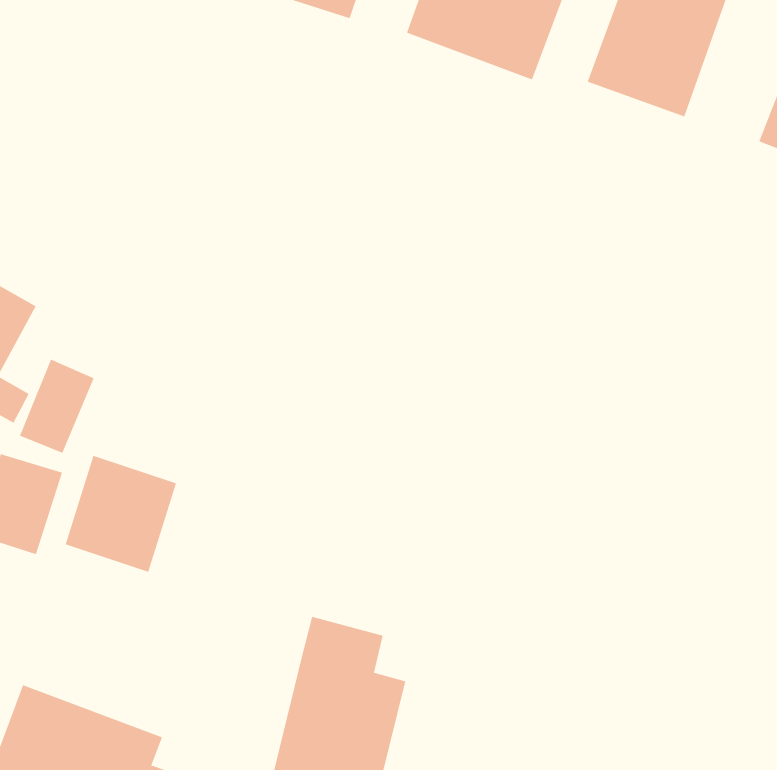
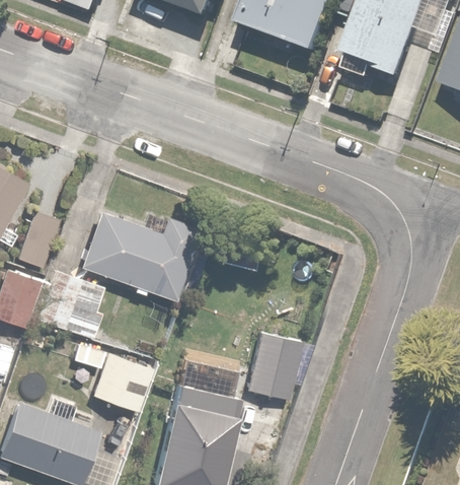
building: none -> [77,211,201,300]
building: none -> [247,331,302,398]
building: none -> [71,340,151,410]

